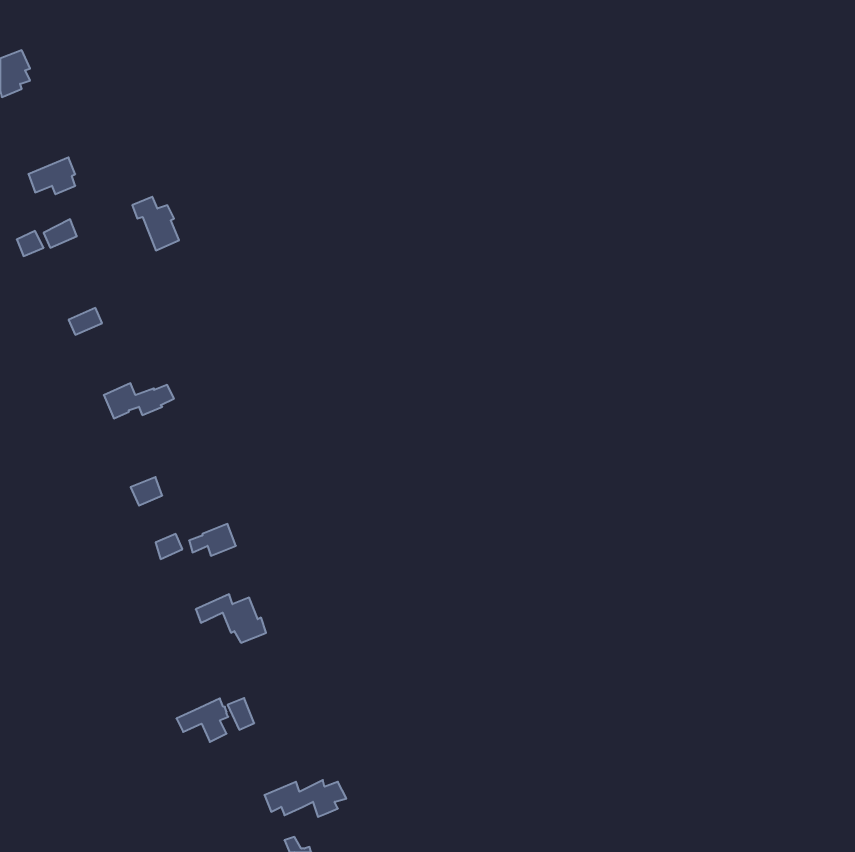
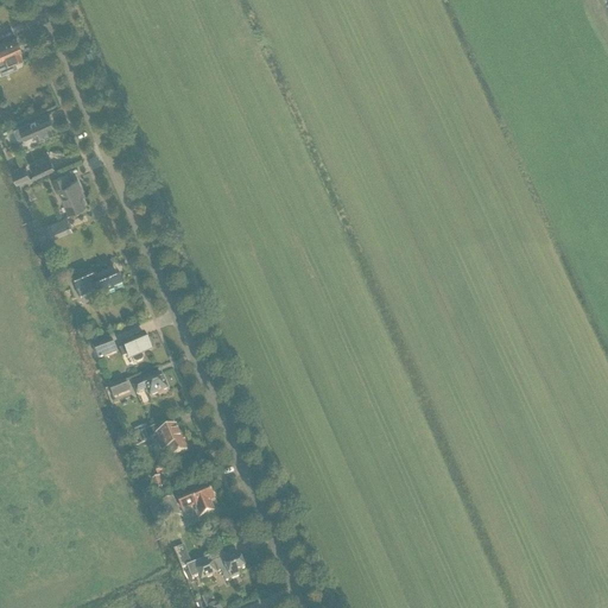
building: [132,197,179,250] -> [52,172,86,210]
building: none -> [118,332,151,361]
building: [176,698,228,742] -> [178,484,215,515]

